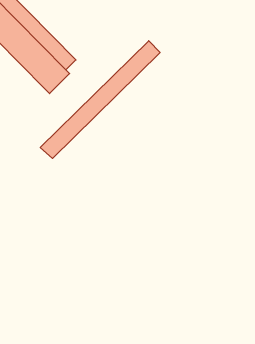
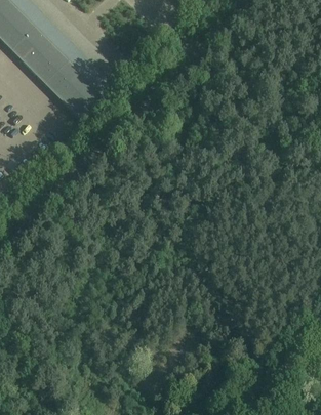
building: [40,41,160,158] -> none

